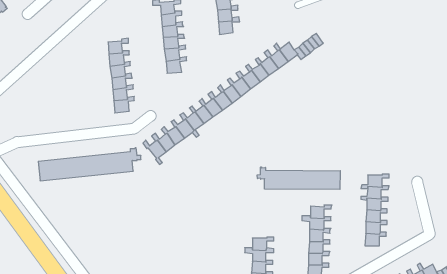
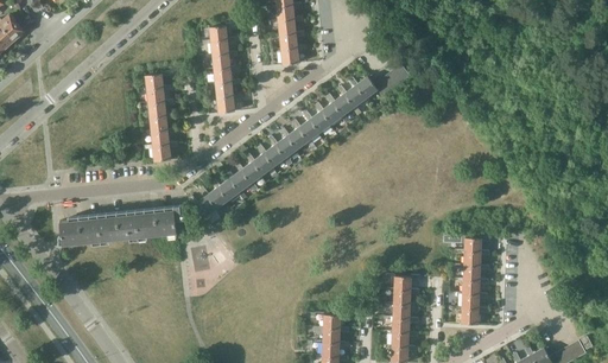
building: [257,167,340,189] -> none

